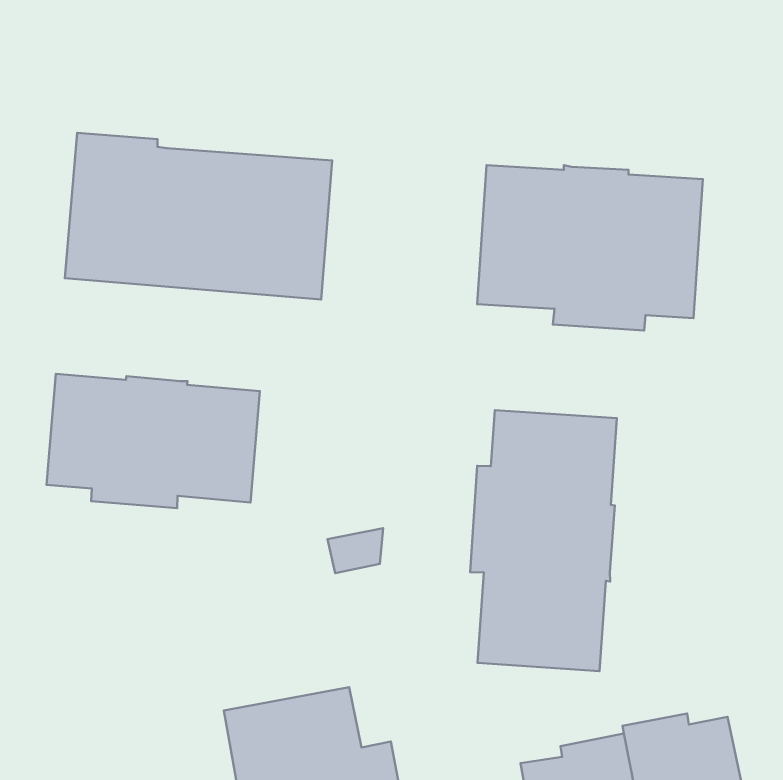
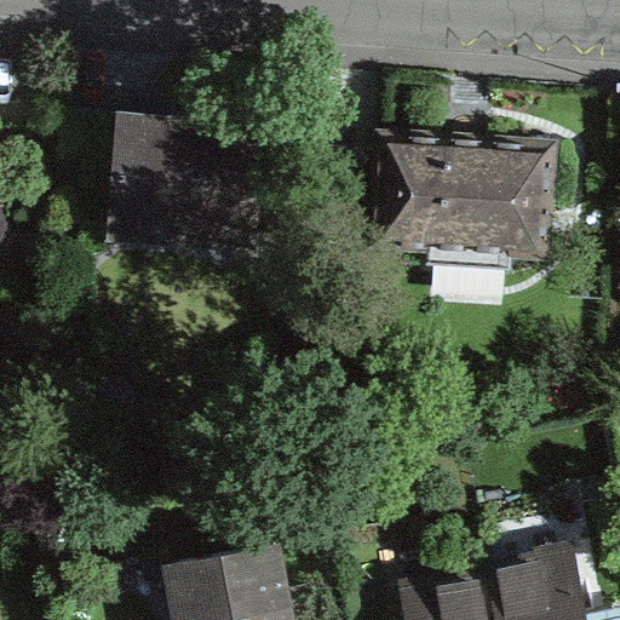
building: [47,374,260,508] -> none
building: [470,410,617,671] -> none

